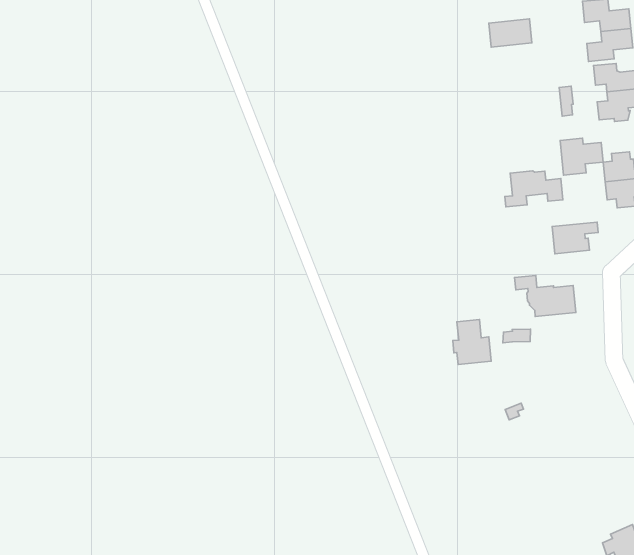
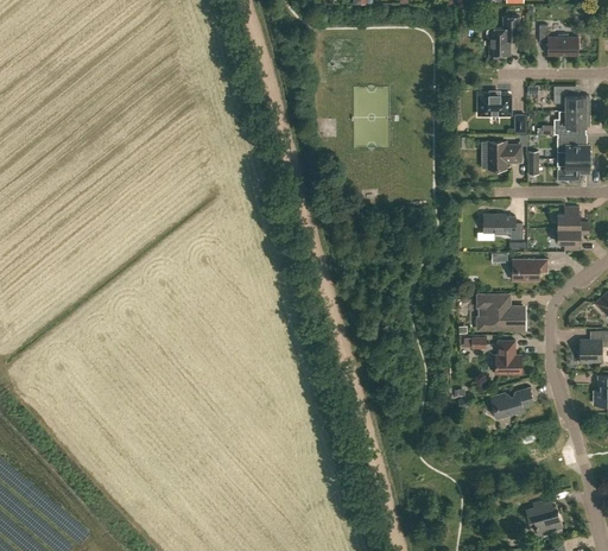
building: [560,138,603,175] -> [488,140,520,167]
building: [453,320,491,364] -> [493,340,521,373]
building: none -> [490,387,533,417]

